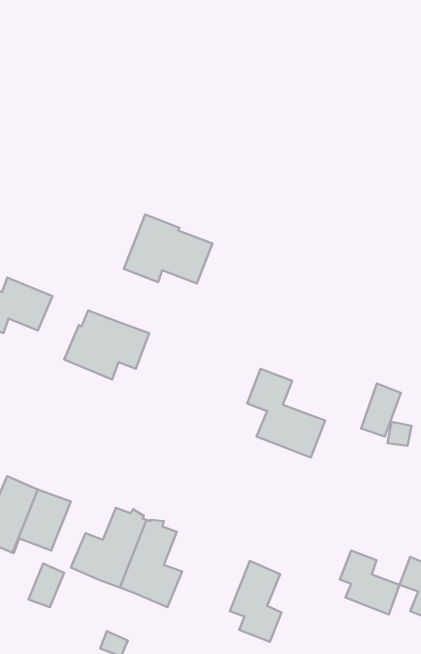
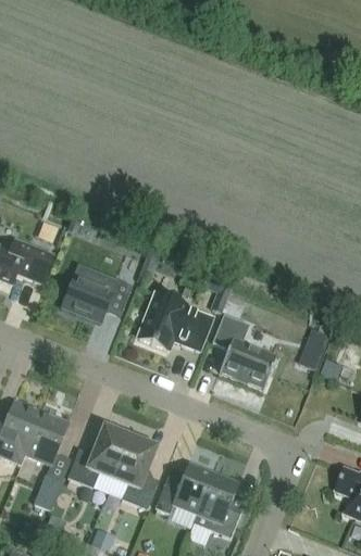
building: [124,215,213,283] -> [138,293,211,350]
building: none -> [154,462,213,514]
building: [340,550,400,614] -> none

